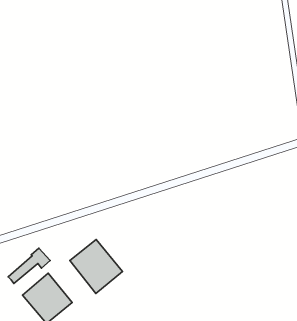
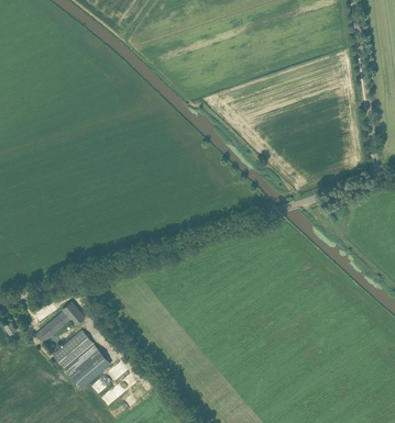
building: [70,240,122,294] -> none

